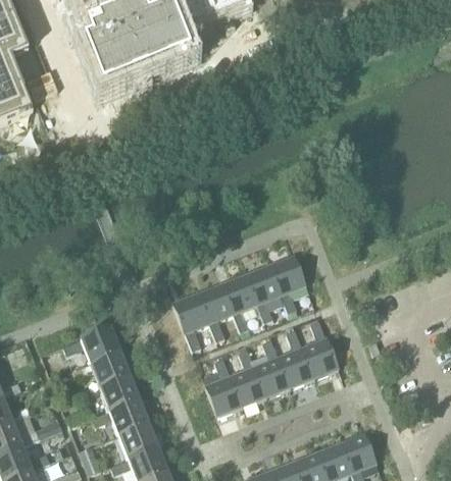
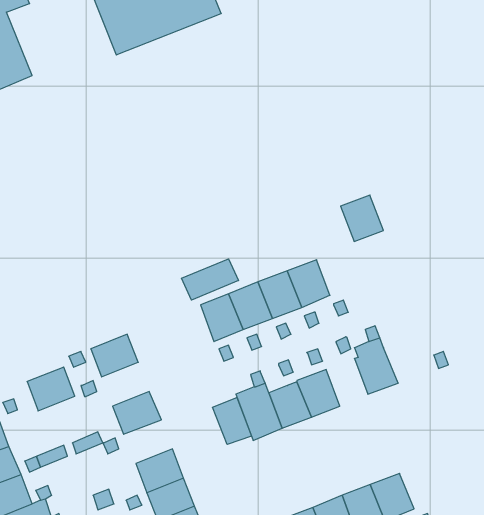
building: [270,256,306,295] -> [341,195,383,241]
building: none -> [181,259,238,300]
building: [279,348,313,387] -> none
building: [91,351,131,387] -> [27,367,75,411]
building: none -> [213,397,251,444]
building: [109,398,150,435] -> none
building: [340,433,377,473] -> none

